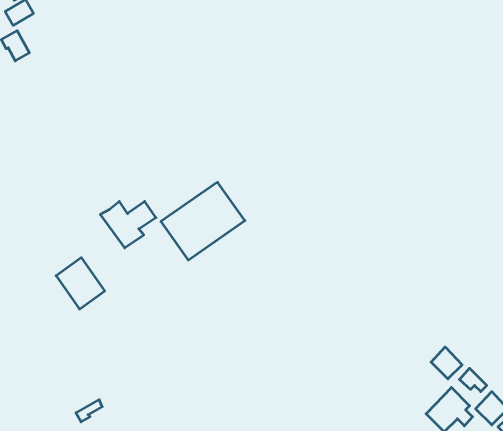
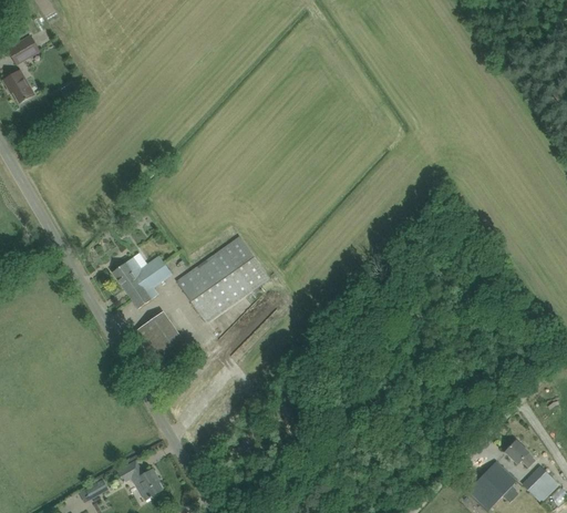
building: [56,258,105,309] -> [134,311,187,368]
building: [431,347,462,379] -> none
building: none -> [116,463,162,500]

